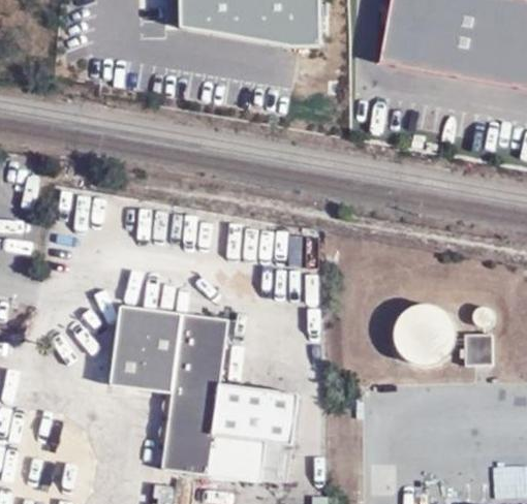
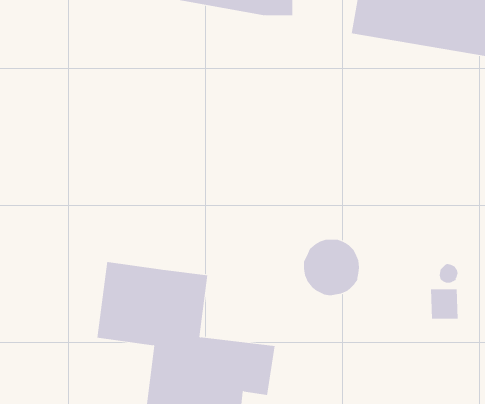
building: [396,305,456,365] -> [303,239,360,296]

